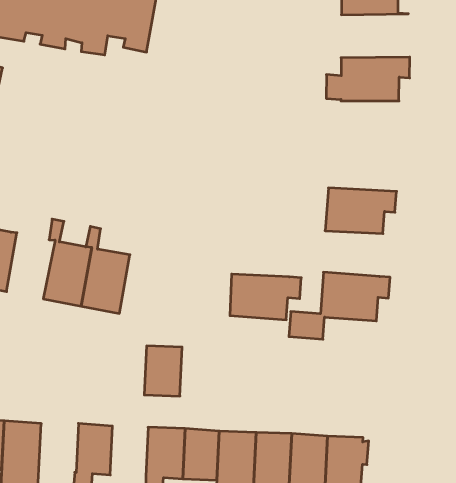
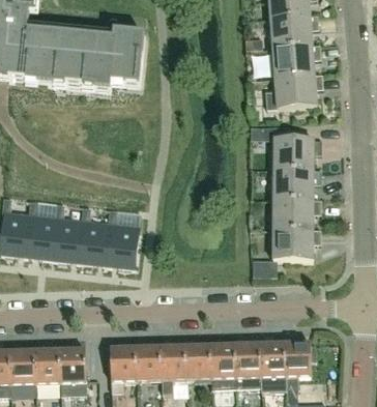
building: none -> [271,42,321,77]
building: none -> [271,137,319,168]
building: none -> [53,201,84,260]
building: [230,274,301,320] -> [271,197,320,227]
building: [144,346,182,396] -> [134,344,160,379]

